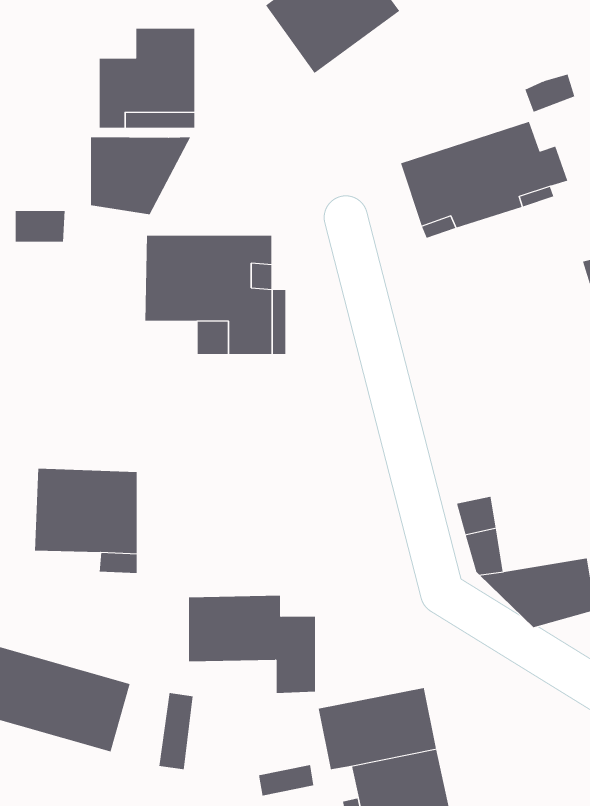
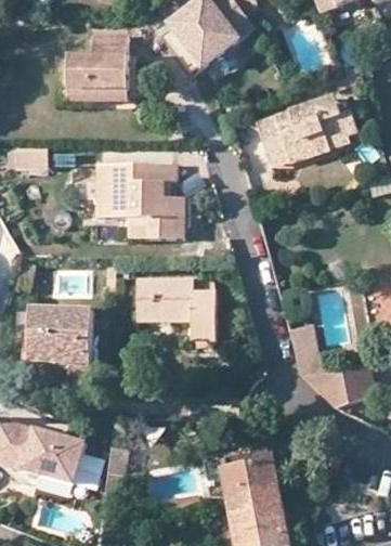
building: [90,137,191,215] -> none
building: [188,595,316,693] -> [138,278,217,339]

